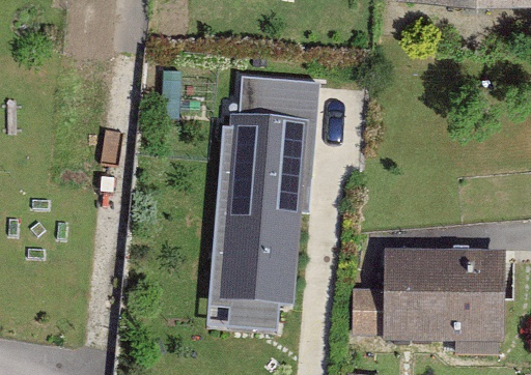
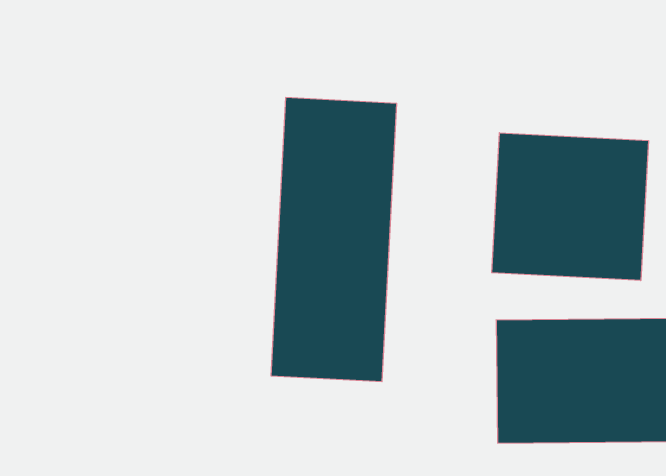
building: none -> [492,133,648,281]

